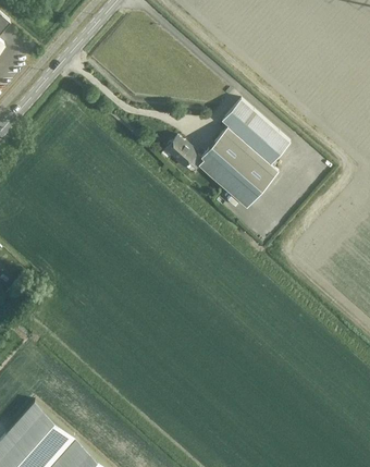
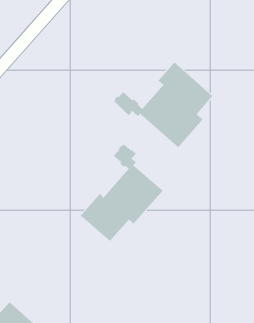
building: none -> [80,143,163,242]

